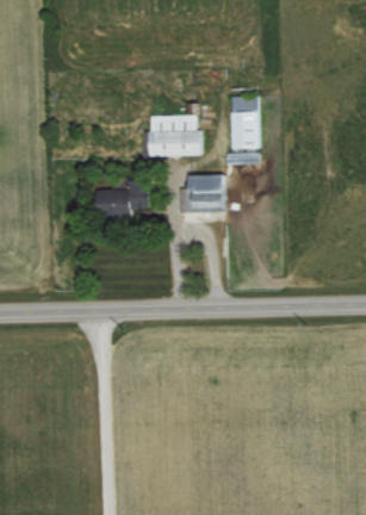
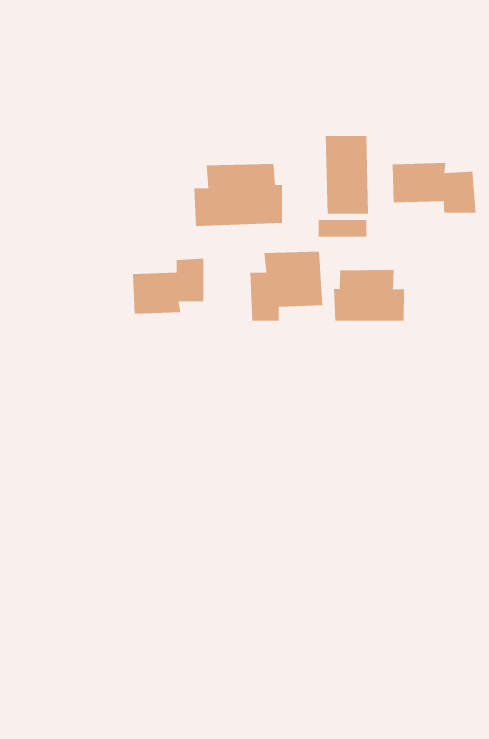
building: none -> [392,162,476,214]
building: none -> [334,269,404,322]

